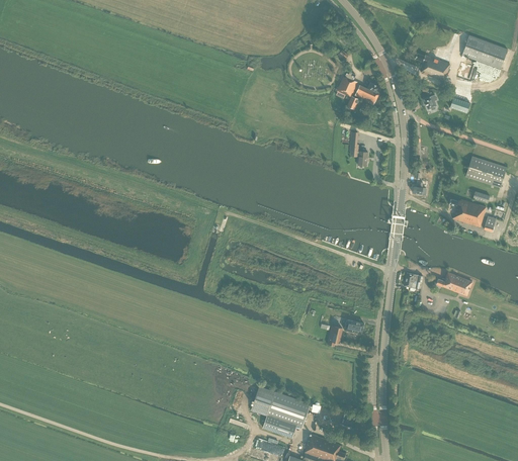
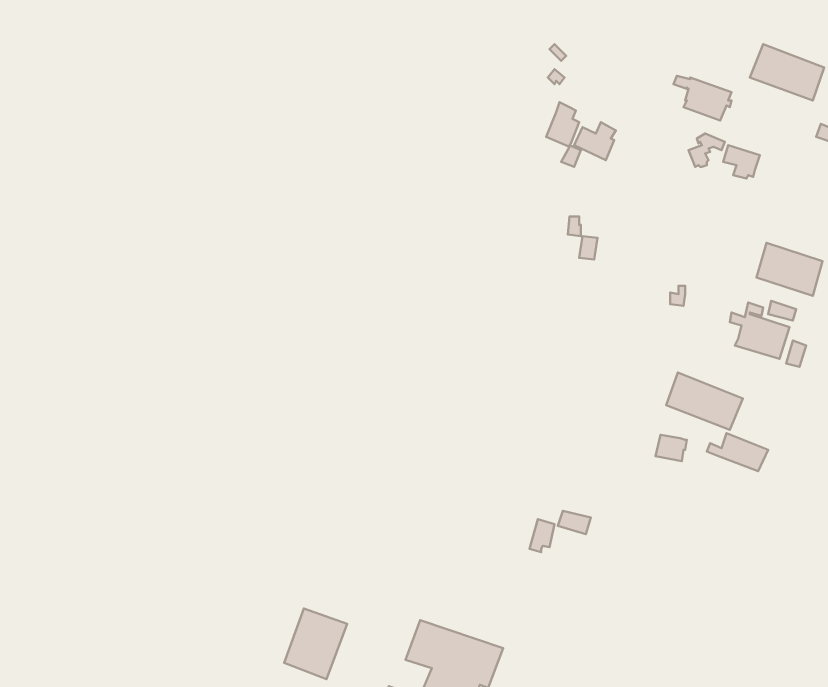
building: none -> [666,373,743,430]
building: none -> [284,609,347,679]

